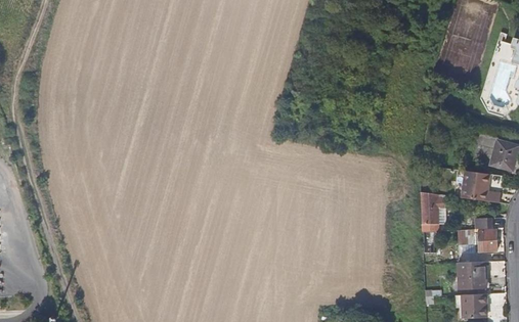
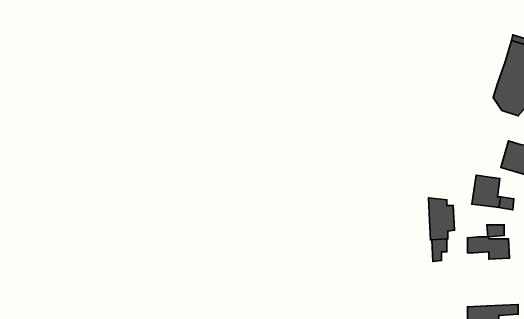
building: [460,261,488,288] -> none

